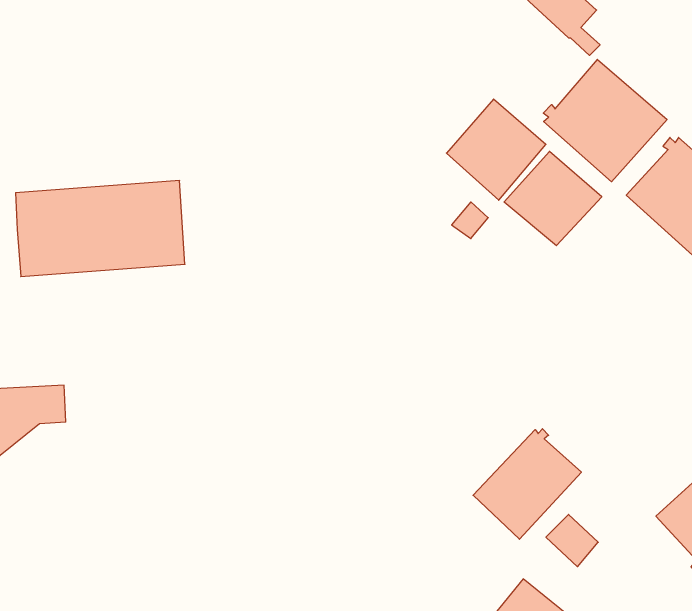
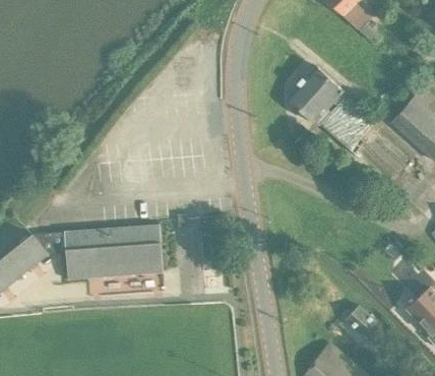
building: [543,59,667,182] -> none
building: [16,181,185,277] -> [63,225,162,280]
building: [473,429,581,539] -> none

